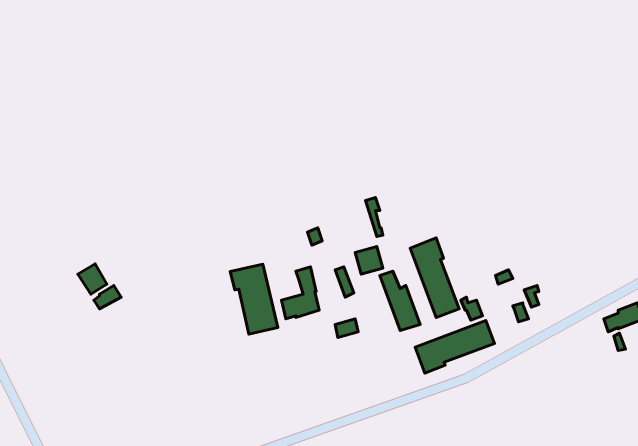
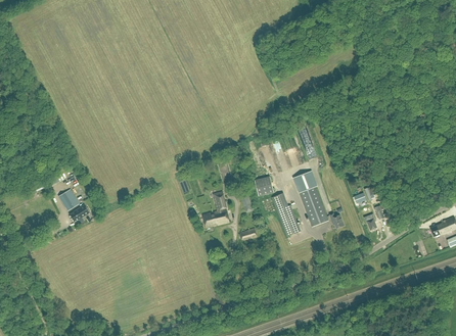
building: [230,264,278,334] -> none
building: [415,321,495,373] -> none

